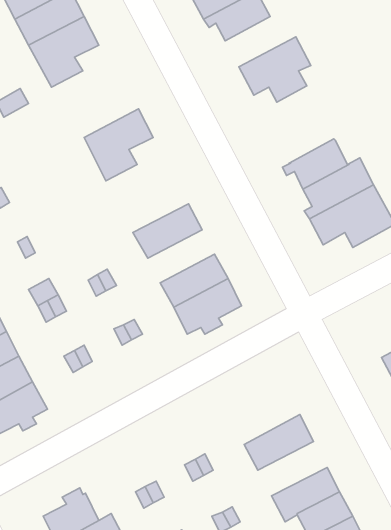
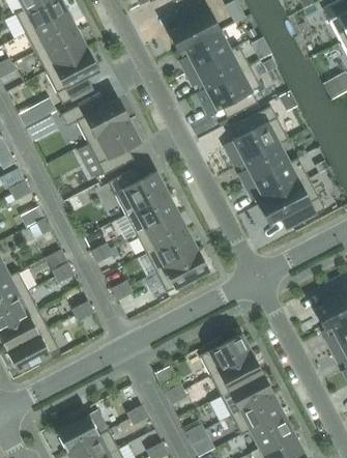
building: none -> [195,46,249,92]
building: none -> [60,97,128,143]
building: none -> [232,107,288,163]
building: none -> [108,171,167,216]
building: none -> [136,213,186,254]
building: none -> [199,335,252,377]
building: none -> [220,375,272,417]

